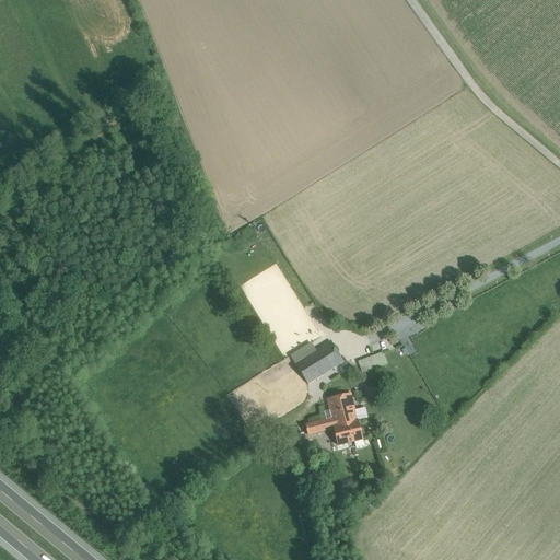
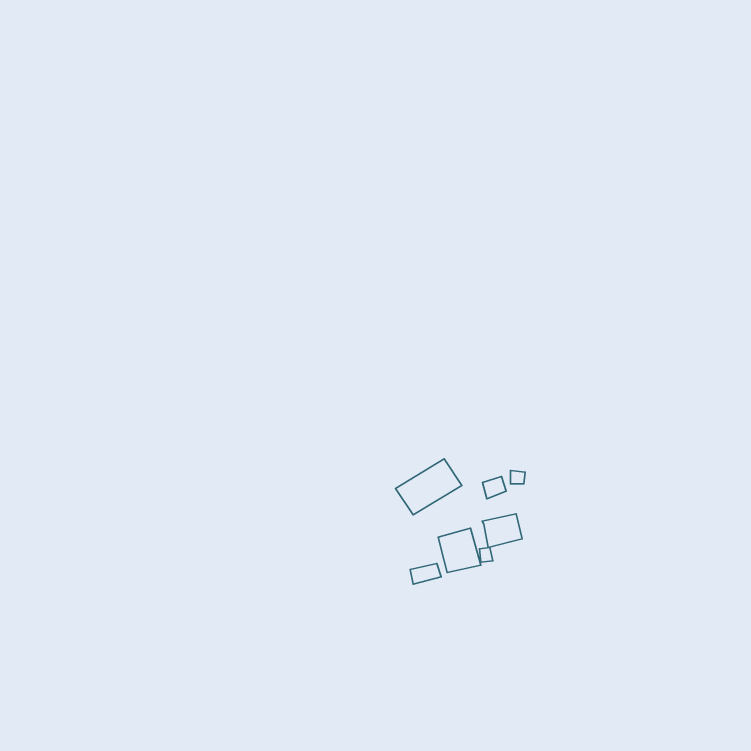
building: [331,419,361,444] -> [482,514,522,548]

